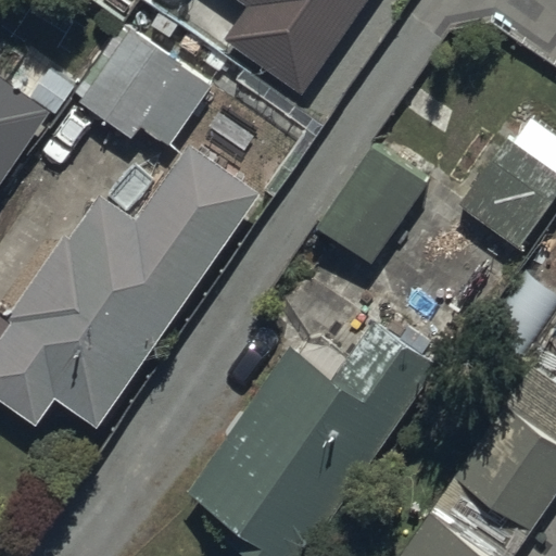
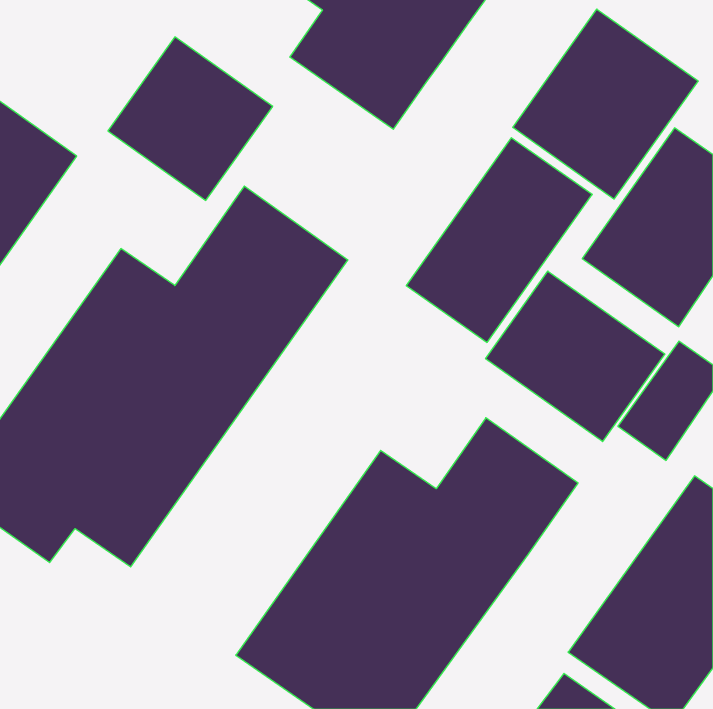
building: none -> [513,9,698,199]
building: none -> [486,271,665,442]

